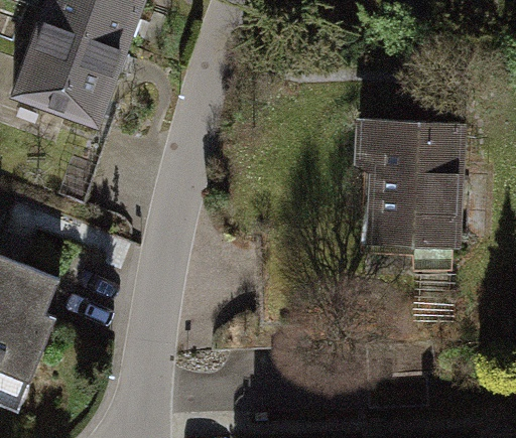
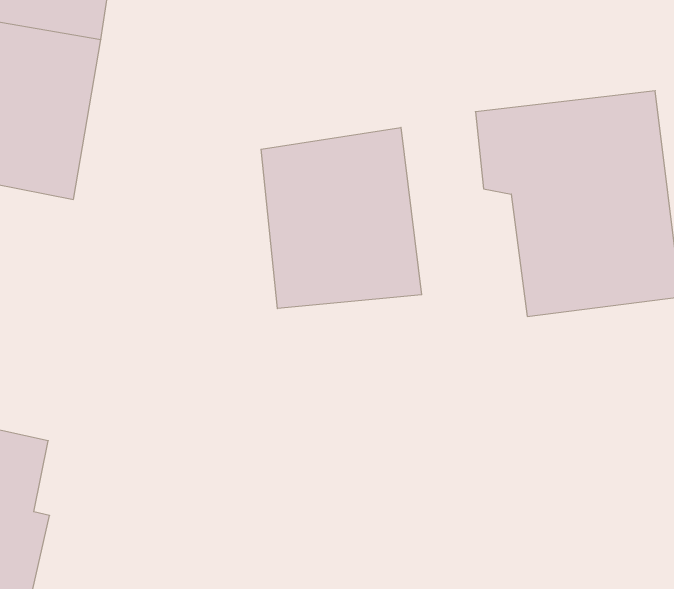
building: none -> [261,127,422,309]

